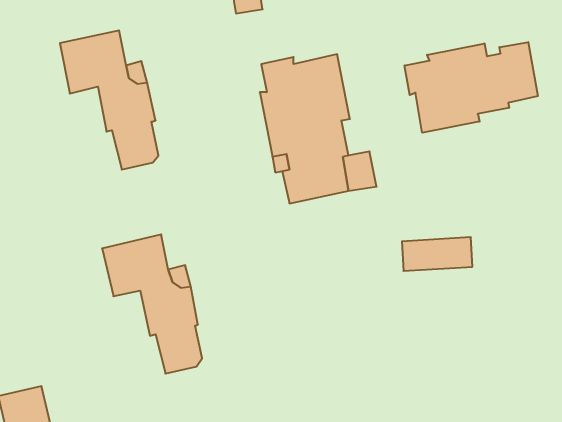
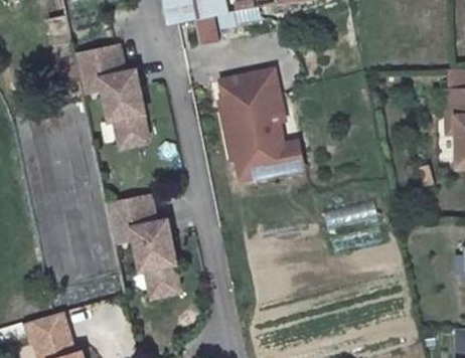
building: [405,42,538,133] -> none

